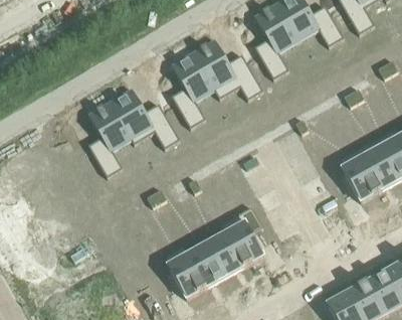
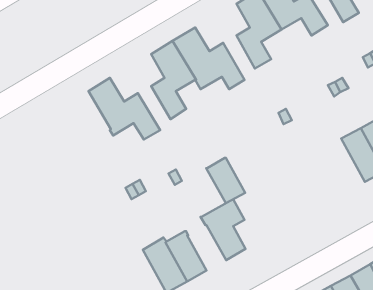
building: [88,102,133,177] -> none
building: [338,148,381,201] -> none
building: [207,232,245,277] -> [206,158,245,203]

